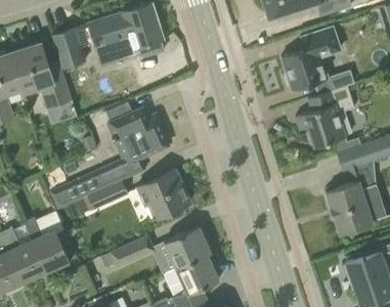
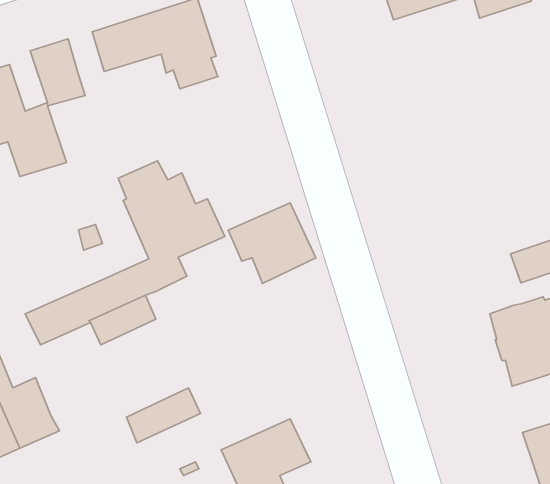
building: [279,27,341,87] -> none
building: [295,87,354,148] -> none
building: [137,171,189,219] -> [228,203,316,284]
building: [164,227,211,269] -> none

